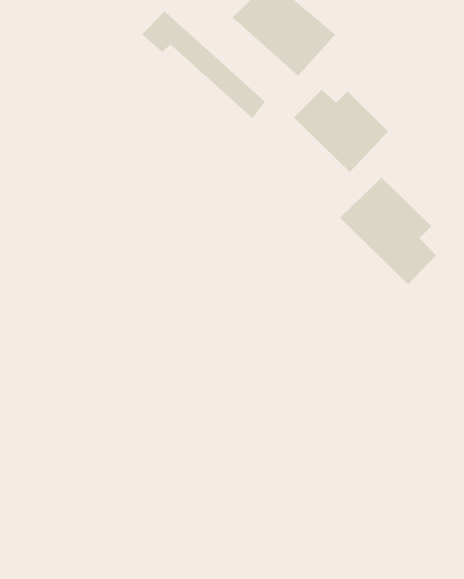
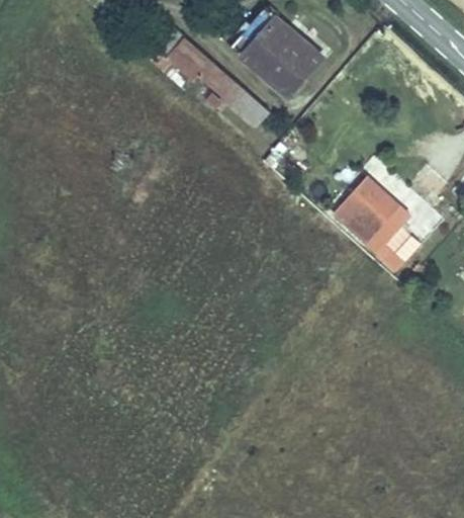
building: [293,89,389,173] -> none

